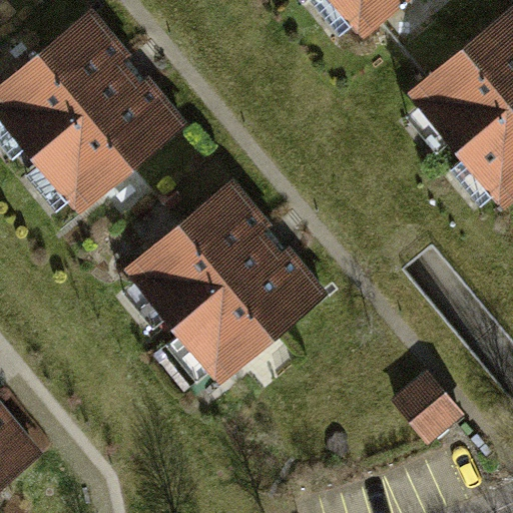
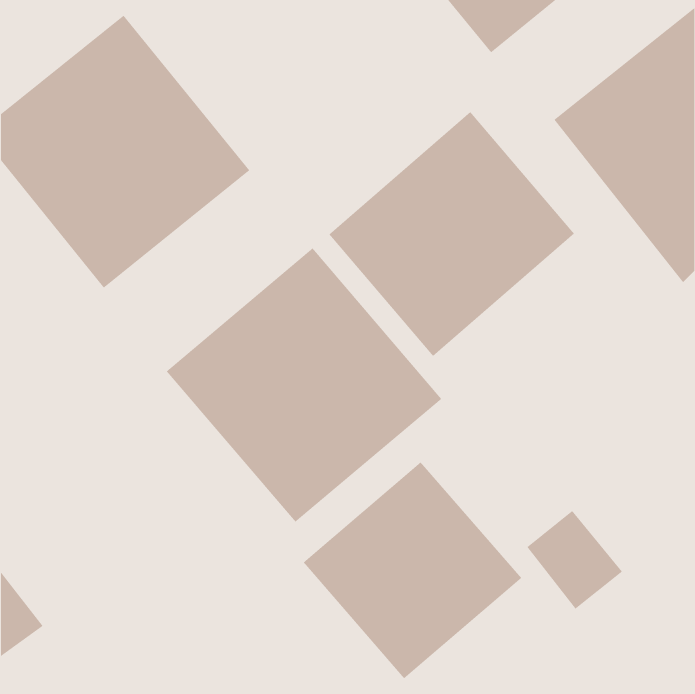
building: none -> [328,111,575,357]
building: none -> [303,461,522,679]

